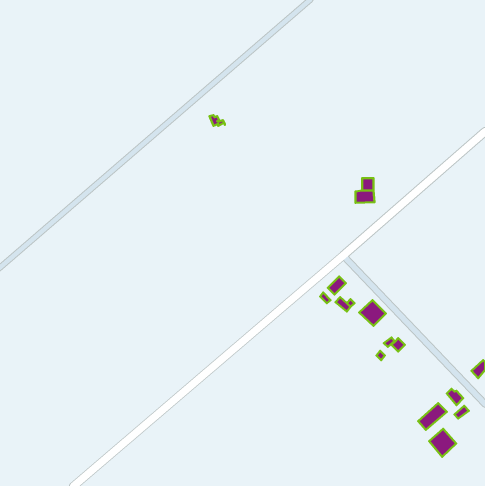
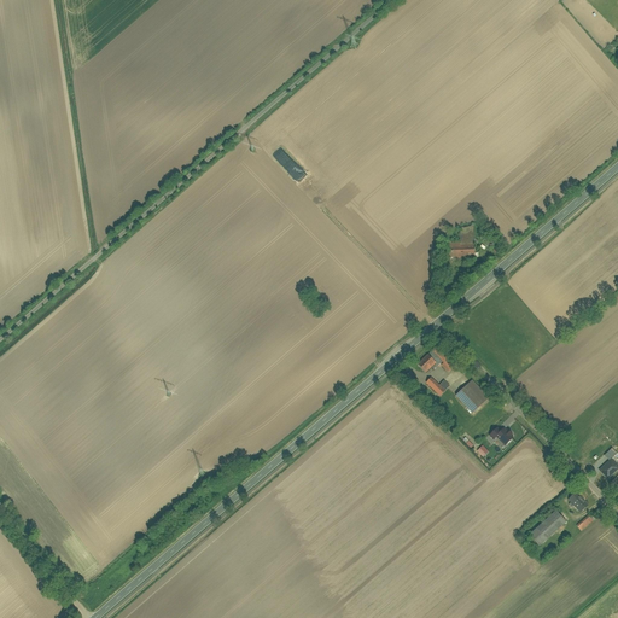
building: [429,429,456,457] -> none

